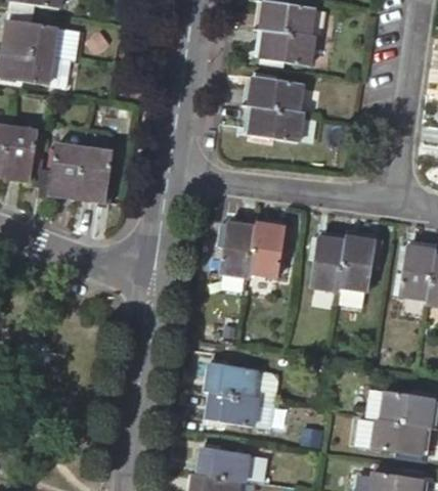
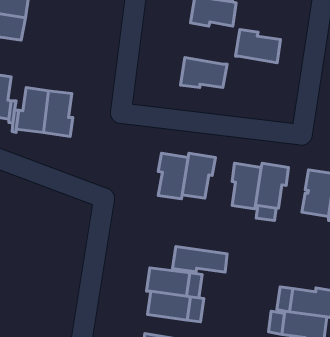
building: [248,73,303,114] -> [236,30,280,63]
building: none -> [173,246,227,272]

